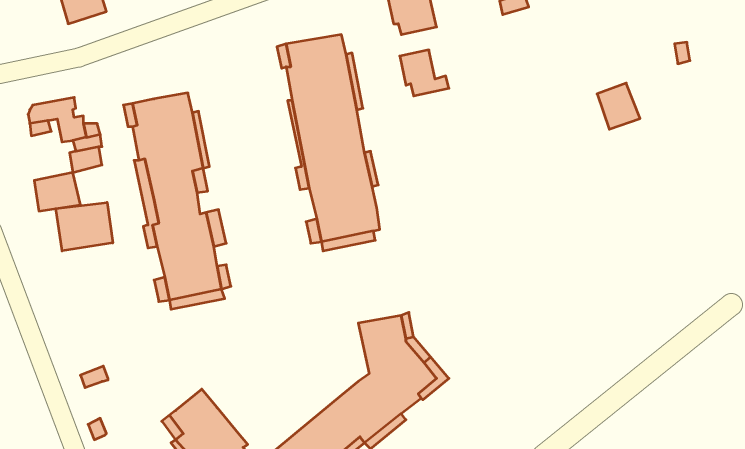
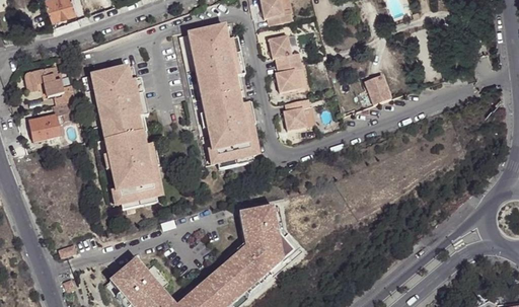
building: [597,83,640,129] -> [364,77,392,107]
building: none -> [276,63,302,94]
building: none -> [284,101,316,133]
building: [56,202,113,251] -> none

